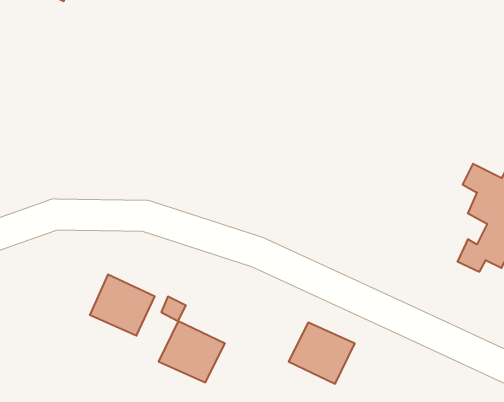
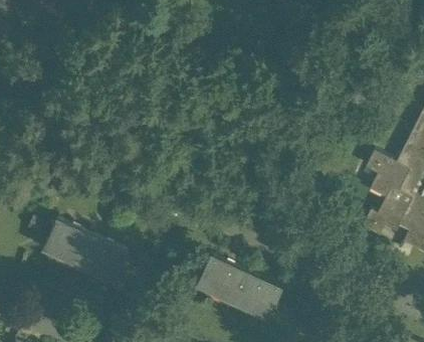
building: none -> [41,219,91,267]
building: [159,321,225,382] -> [195,255,246,303]

